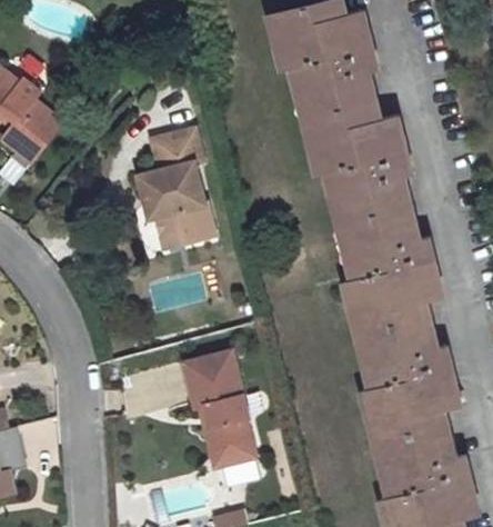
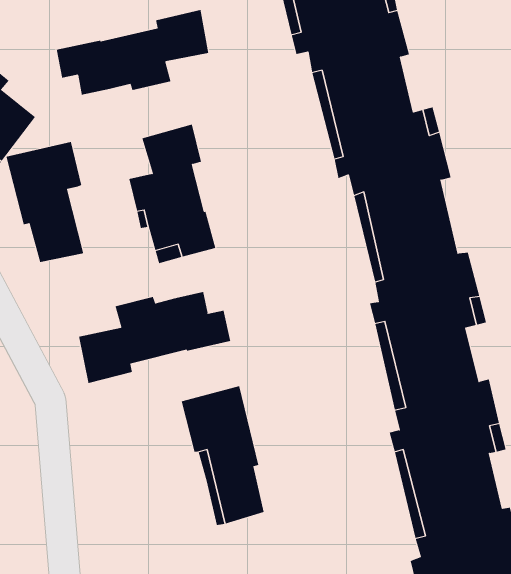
building: none -> [56,9,209,96]
building: none -> [6,141,84,263]
building: none -> [78,291,231,384]

